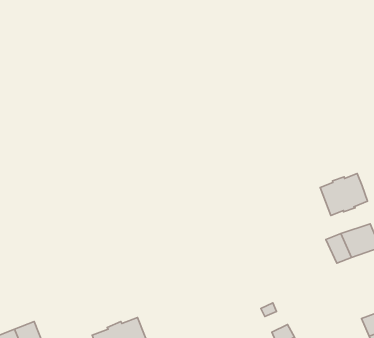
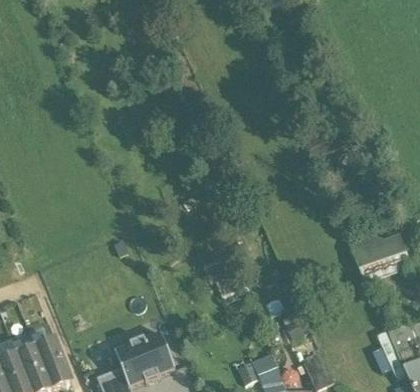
building: [320,174,367,216] -> none

